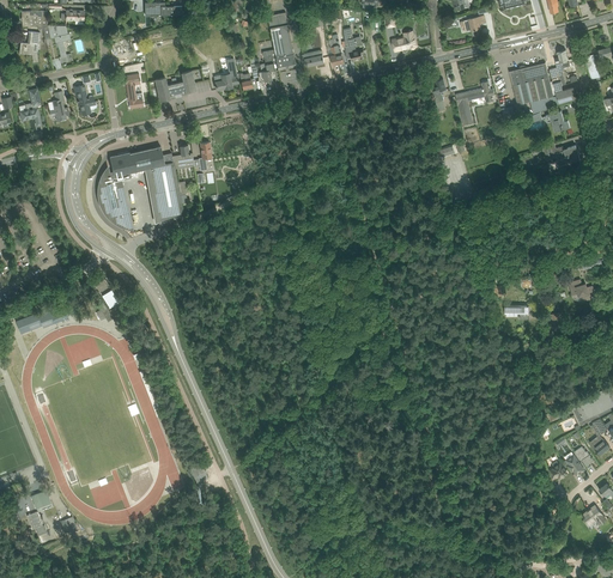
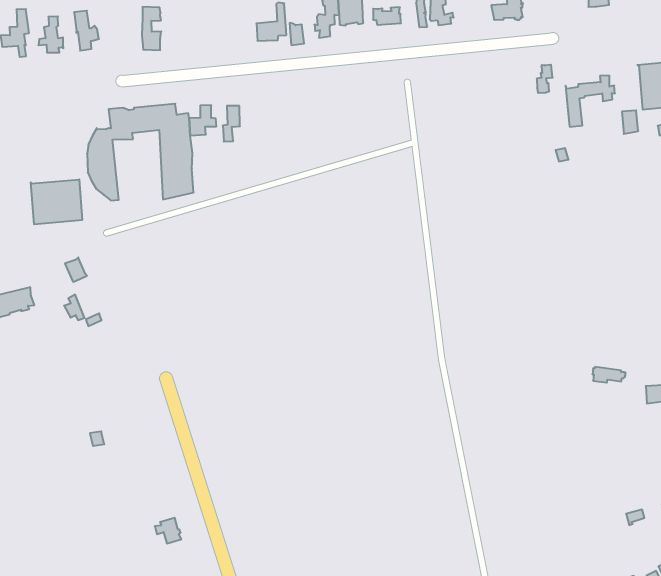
building: [156,71,196,101] -> none
building: none -> [31,179,82,224]

